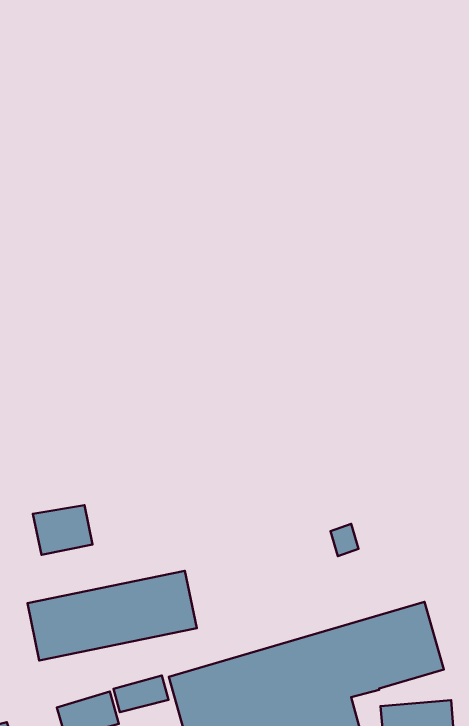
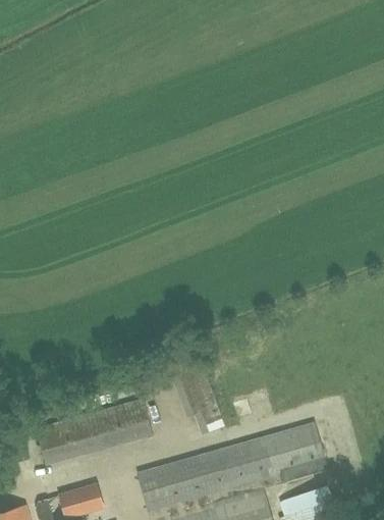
building: [33,505,92,555] -> none
building: [114,676,169,712] -> none

